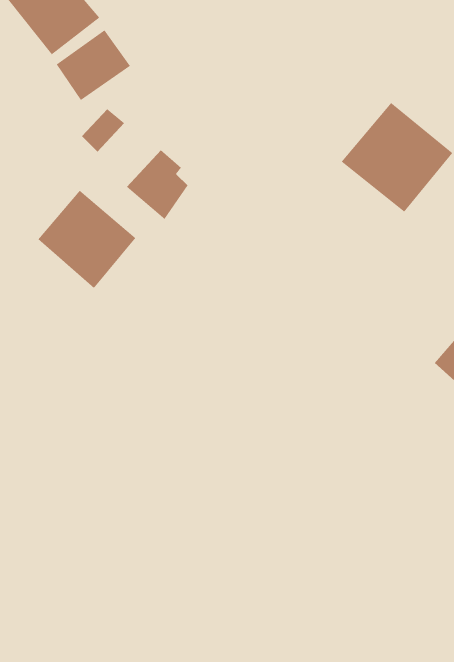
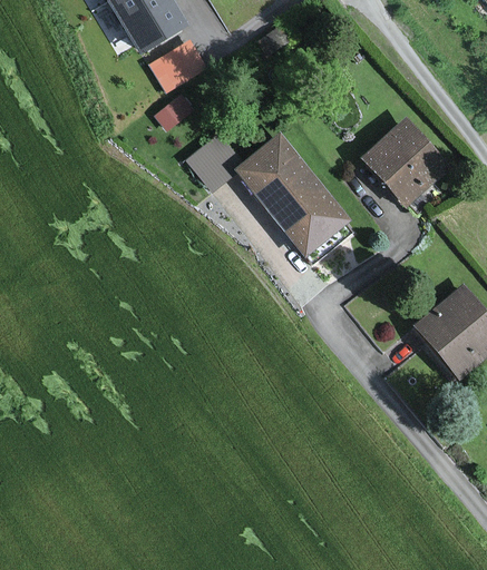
building: none -> [238,136,348,253]
building: [38,190,136,289] -> none

